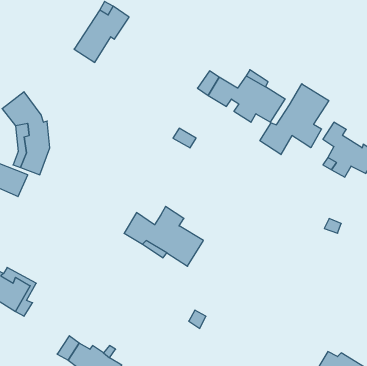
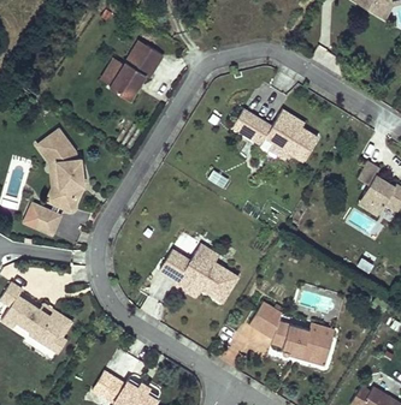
building: [260,84,329,155] -> none
building: none -> [248,300,331,365]

